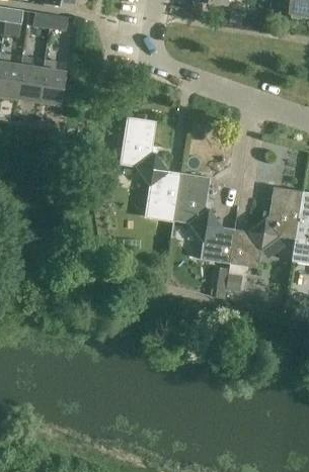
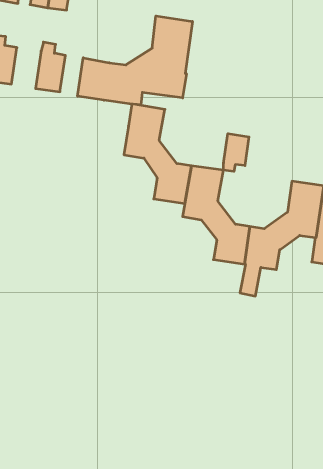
building: none -> [78,16,192,105]
building: [14,57,42,102] -> none
building: none -> [223,134,249,171]

